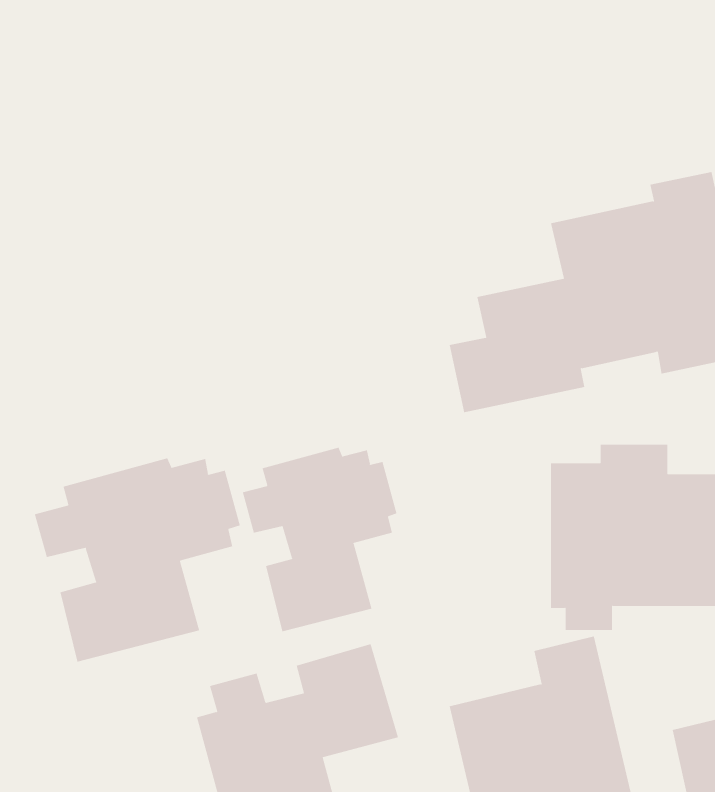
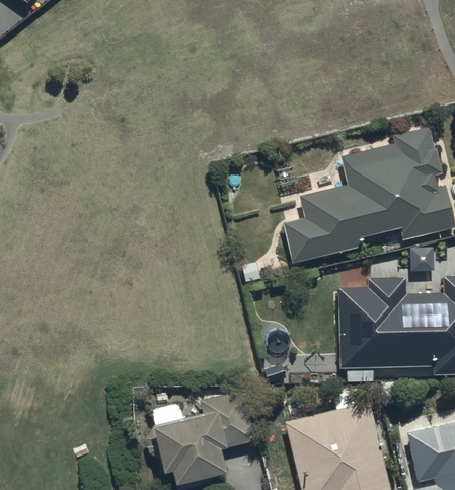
building: [242,447,397,632] -> none
building: [34,458,240,662] -> none

